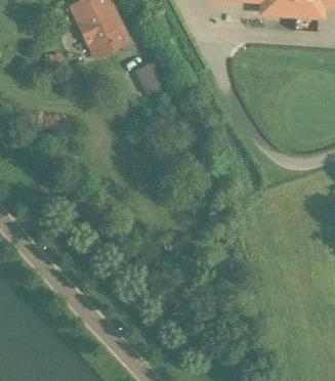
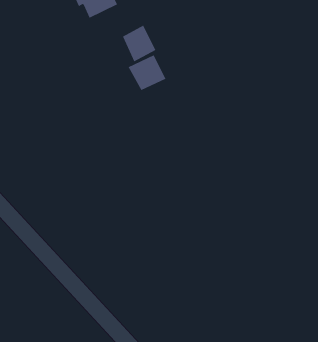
building: none -> [128,55,166,91]

